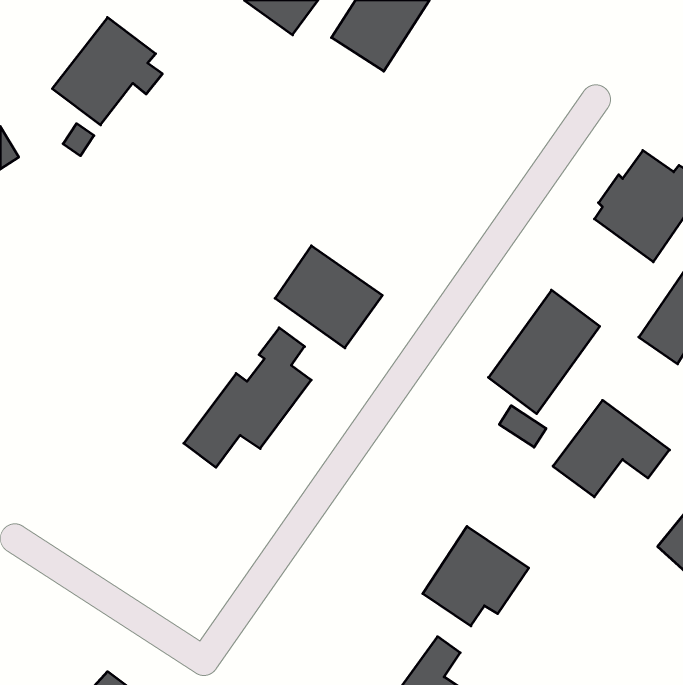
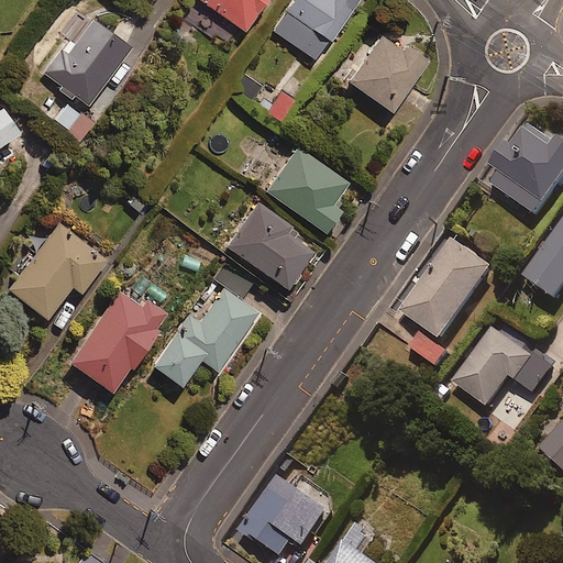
building: none -> [349,34,427,110]
building: none -> [267,146,346,230]
building: none -> [8,221,107,317]
building: none -> [69,292,168,390]
building: [423,526,529,626] -> [243,476,330,558]

